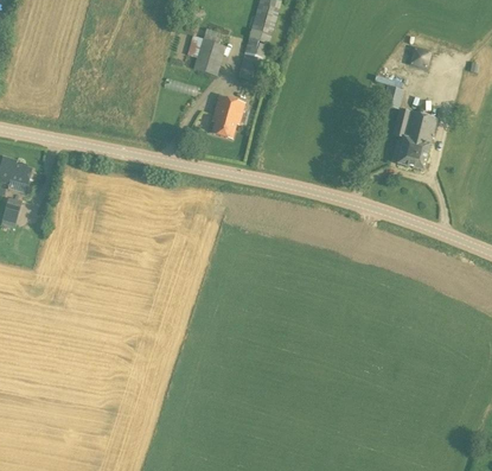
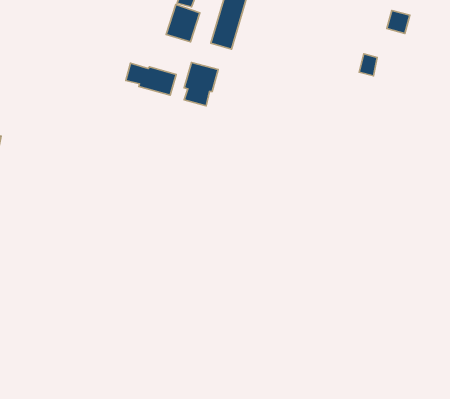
building: none -> [126,63,176,95]
building: [392,108,435,167] -> none

